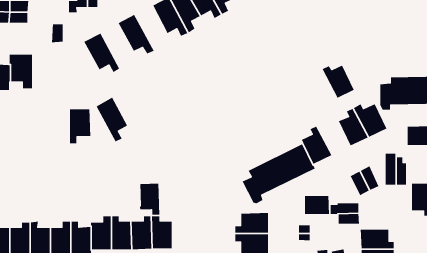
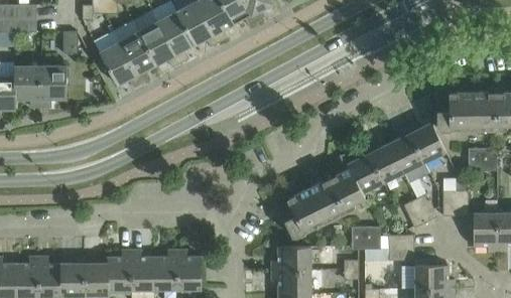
building: none -> [157,10,195,62]
building: [321,64,355,99] -> [365,142,403,181]
building: [96,96,128,143] -> [119,30,156,83]
building: [69,109,91,144] -> [41,65,67,106]
building: [139,183,160,216] -> none

